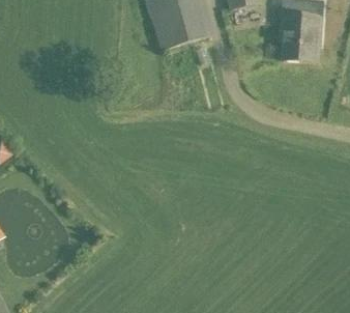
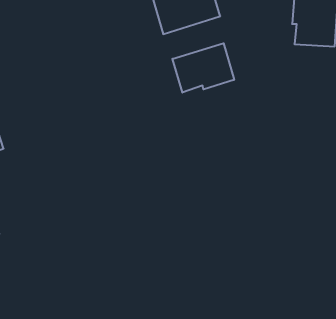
building: none -> [172,43,234,93]

